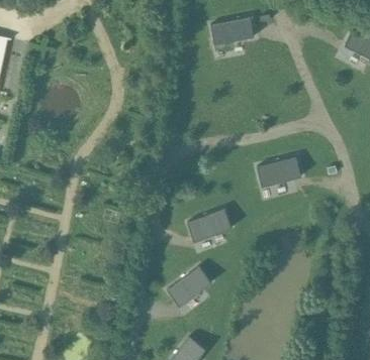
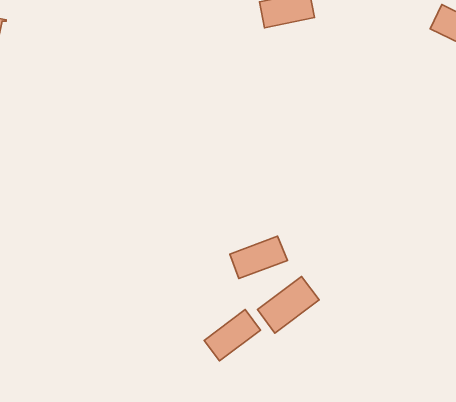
building: [257,157,301,188] -> none
building: none -> [257,276,319,333]

